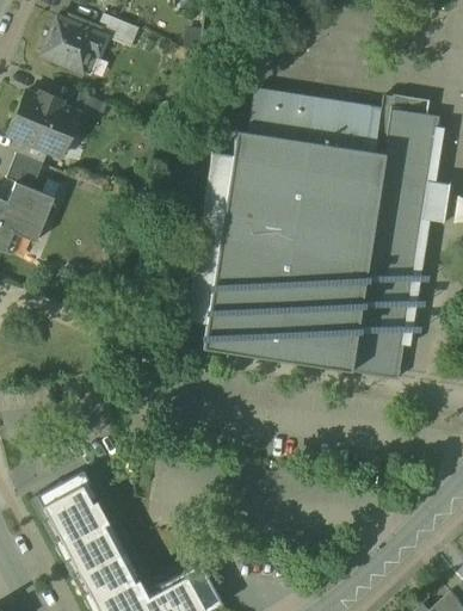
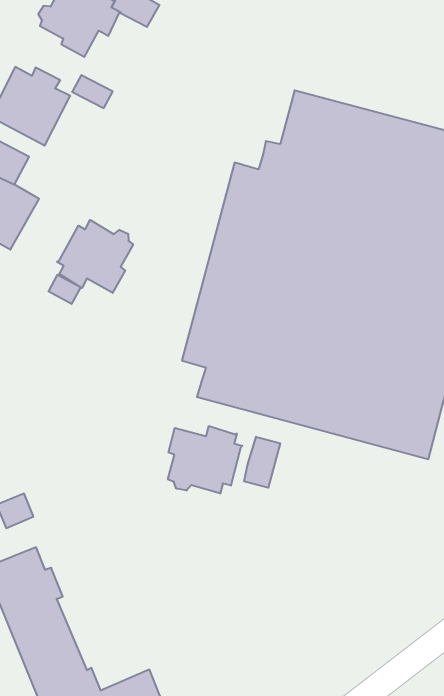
building: none -> [57,220,133,293]
building: none -> [168,426,242,494]
building: none -> [244,437,280,488]

